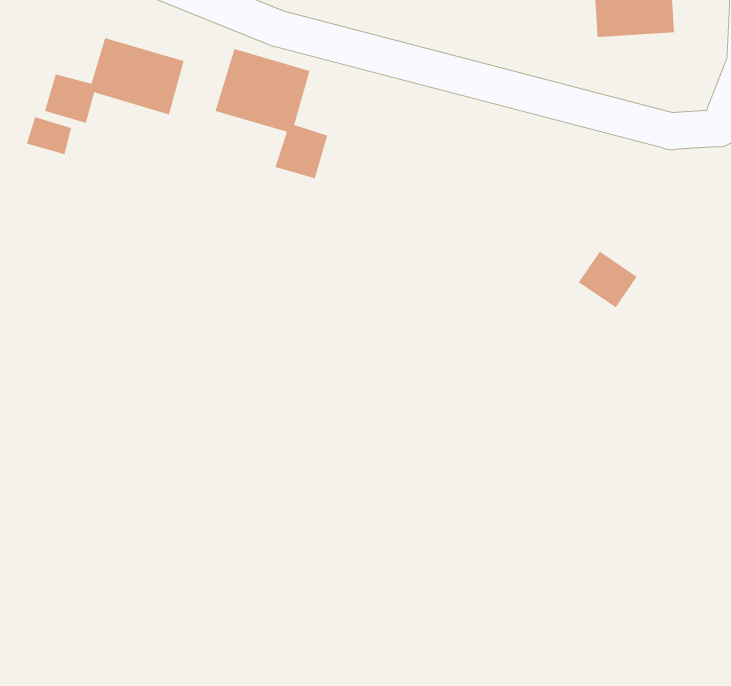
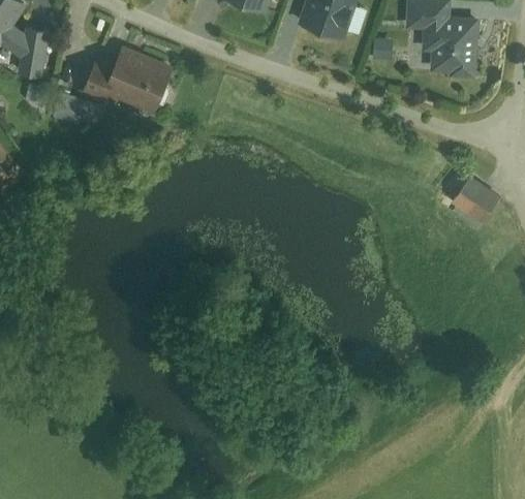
building: [215,48,328,179] -> none
building: [578,251,638,308] -> [453,175,490,211]

